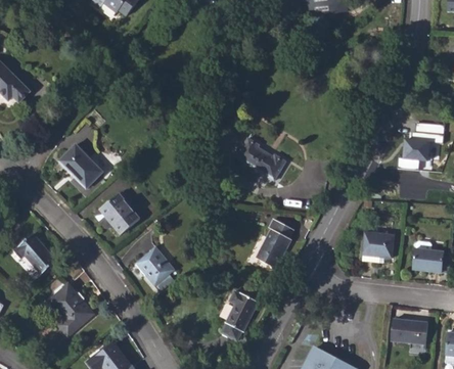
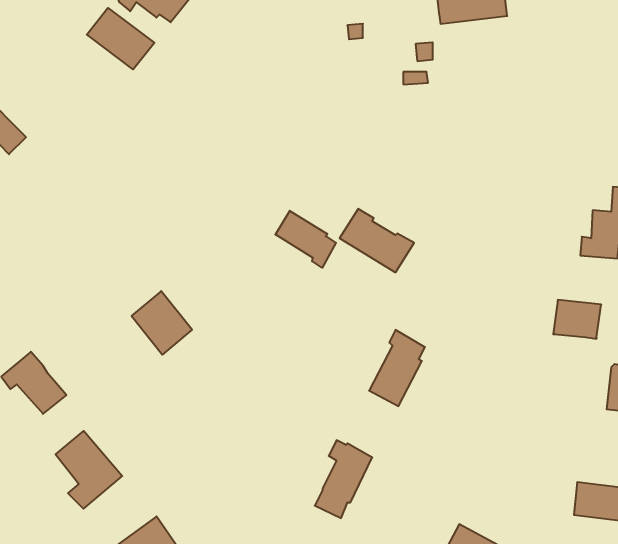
building: none -> [87,8,154,69]
building: none -> [275,211,336,268]
building: [59,144,102,187] -> none
building: [362,232,394,258] -> [553,300,601,339]
building: [135,246,174,285] -> none

